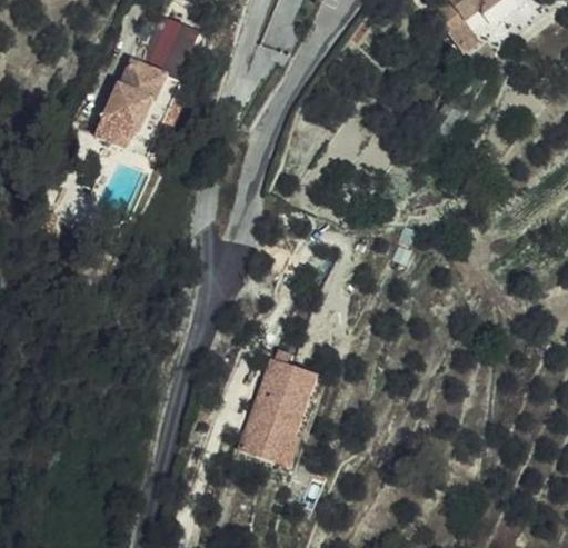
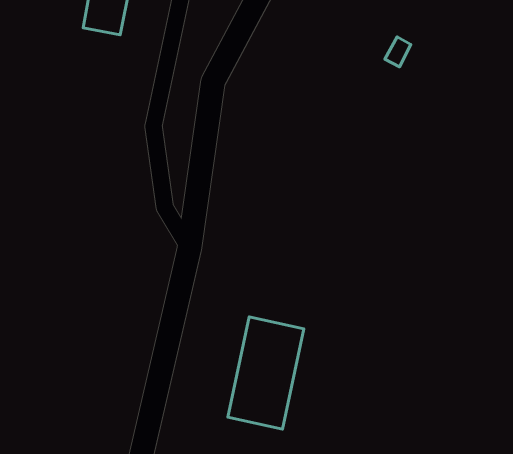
building: [90,63,163,153] -> none

